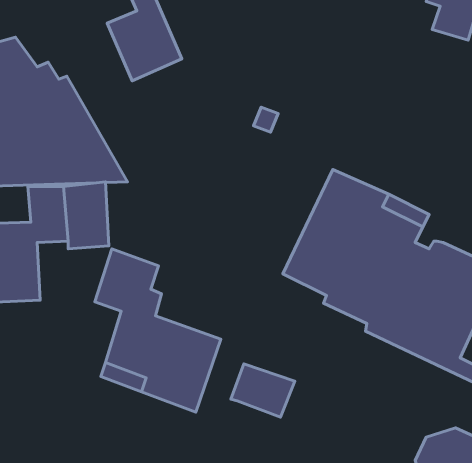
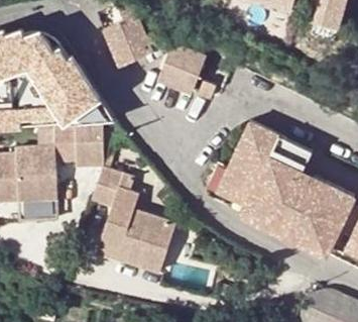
building: none -> [155,41,204,90]
building: [231,364,295,417] -> none

